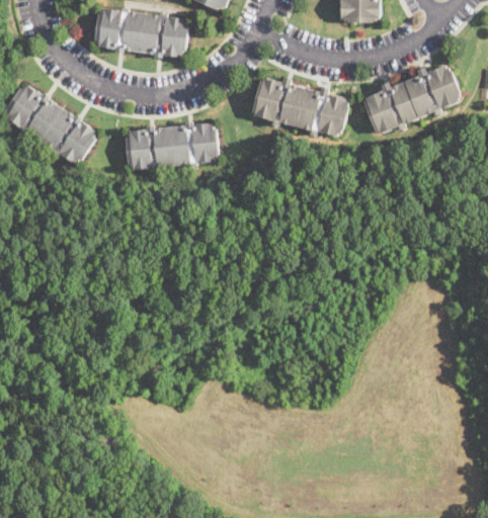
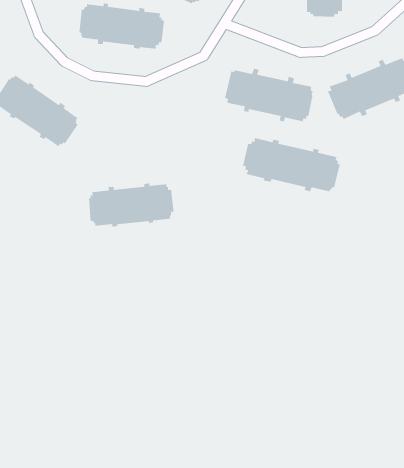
building: [126,121,219,170] -> [88,182,175,228]
building: none -> [242,137,341,193]

